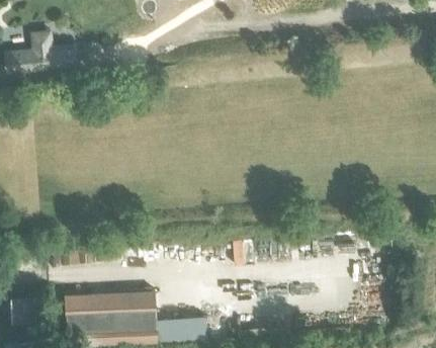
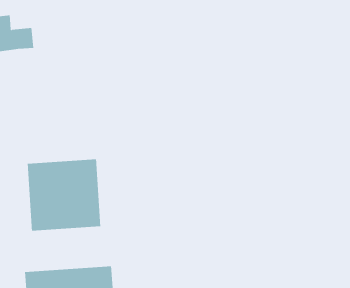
building: none -> [27,158,101,231]

